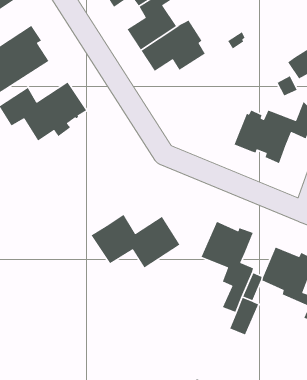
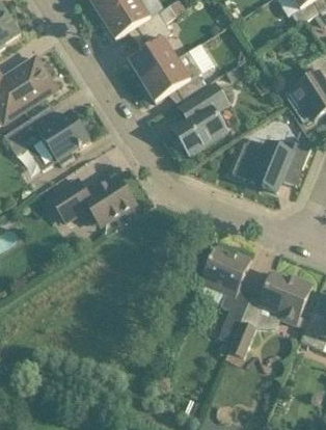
building: none -> [173,82,230,154]
building: [91,214,180,268] -> [49,173,136,226]

